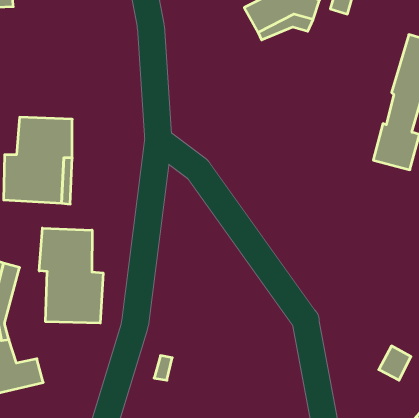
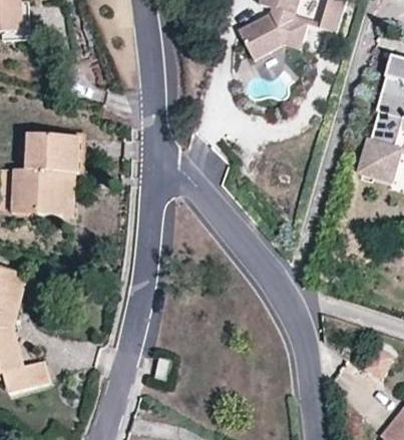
building: [39,228,103,323] -> none

